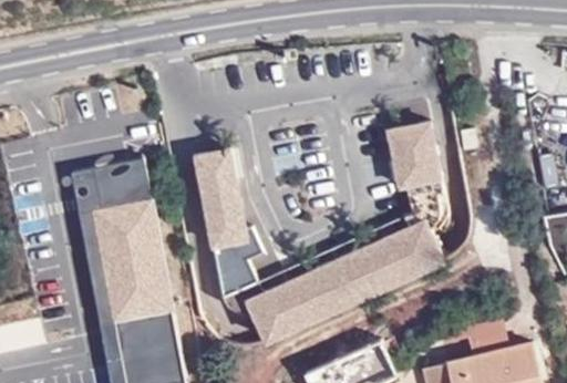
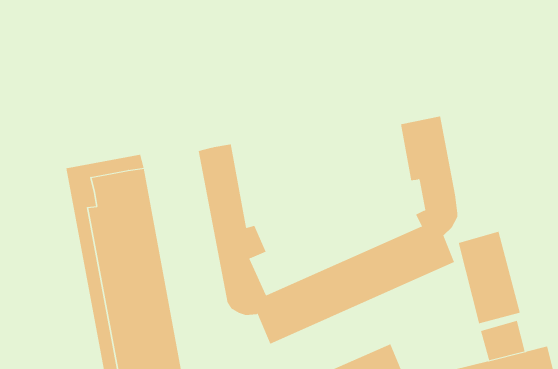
building: none -> [458,231,520,324]

